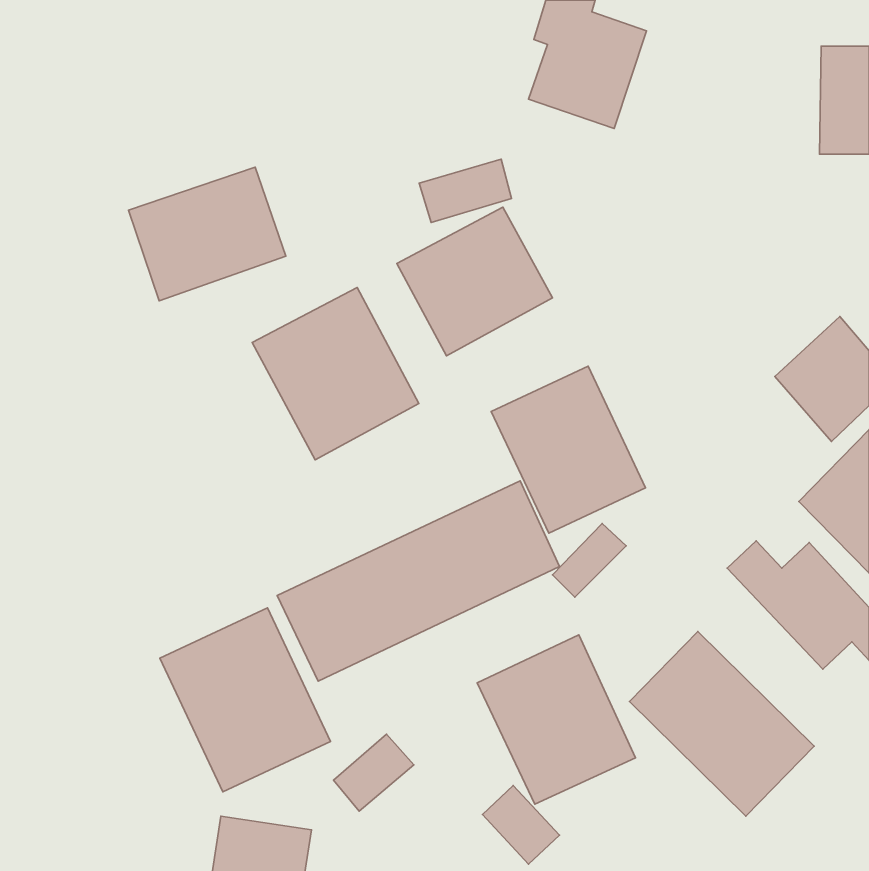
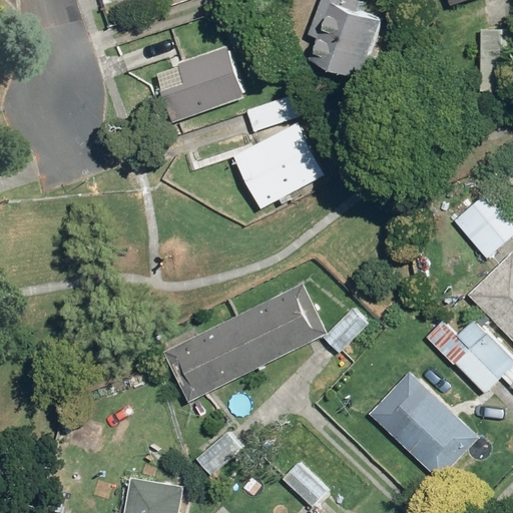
building: [128,167,286,301] -> [154,46,246,124]
building: [252,287,419,460] -> none
building: [491,366,646,533] -> none
building: [160,608,330,792] -> none
building: [477,635,635,804] -> none

